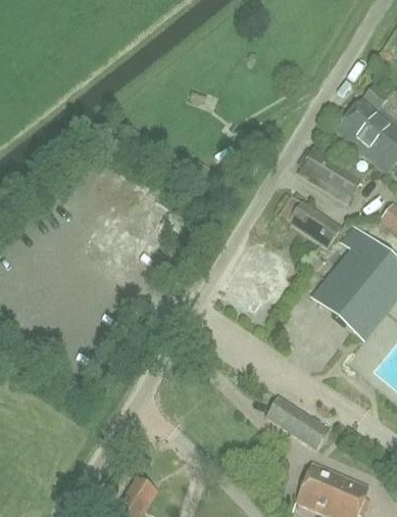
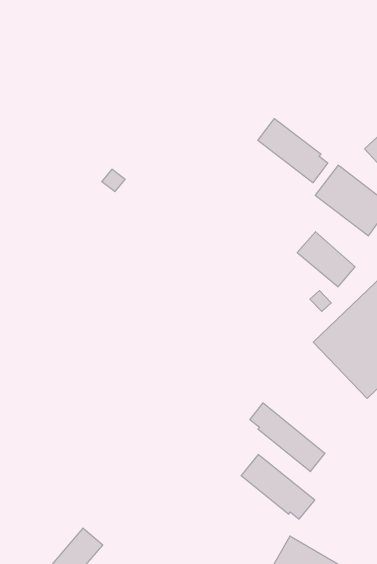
building: none -> [258,119,328,183]
building: none -> [250,403,325,472]

